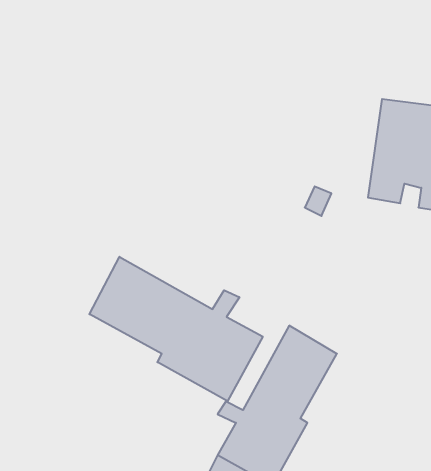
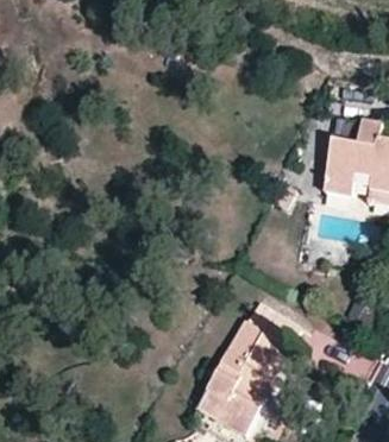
building: [89,257,263,401] -> none

